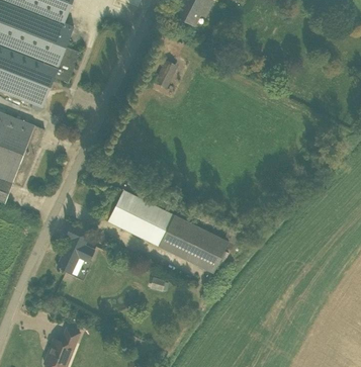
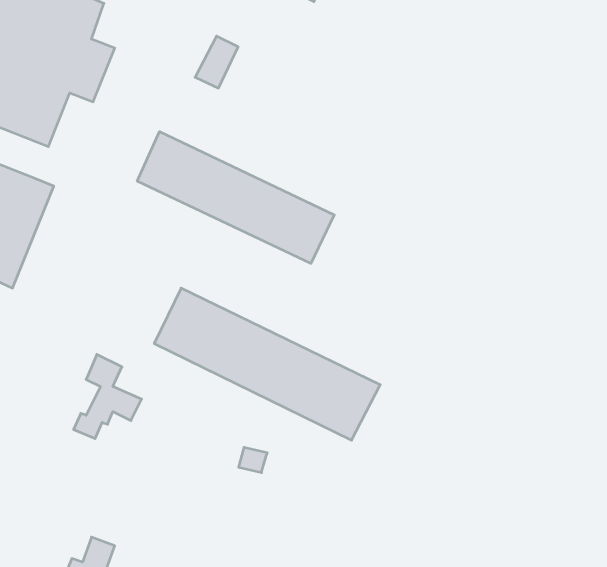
building: [153,59,177,88] -> [195,36,238,88]
building: none -> [137,132,334,263]

